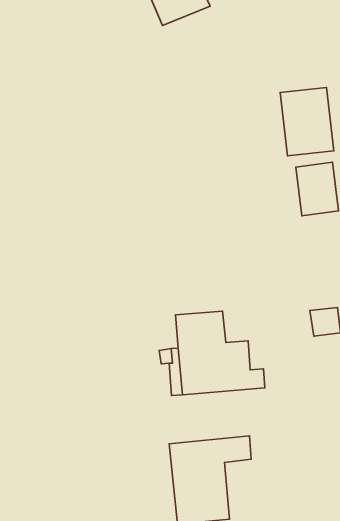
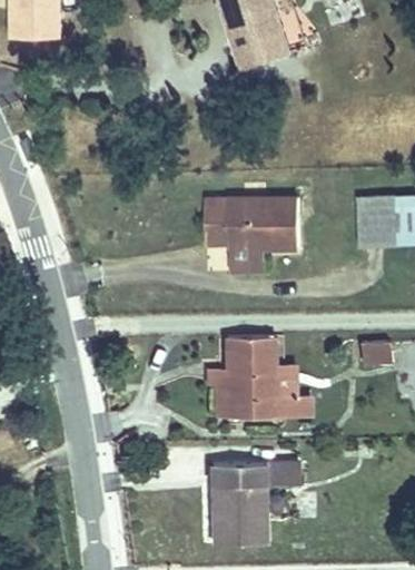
building: none -> [236,31,292,68]
building: [280,88,334,156] -> none
building: none -> [207,197,300,271]

